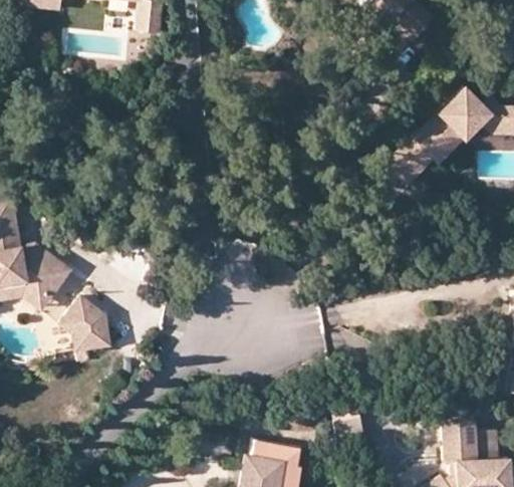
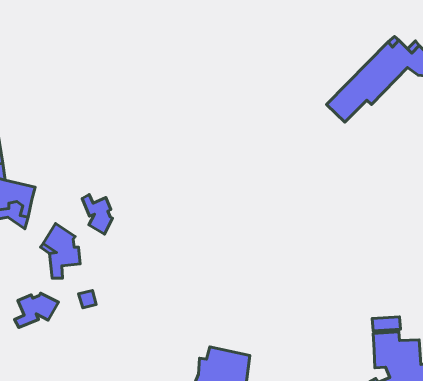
building: none -> [82,194,112,234]
building: none -> [15,293,58,328]

